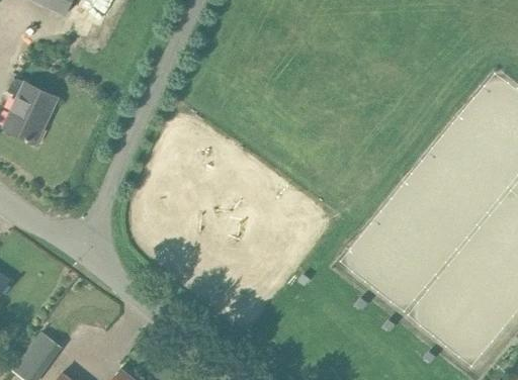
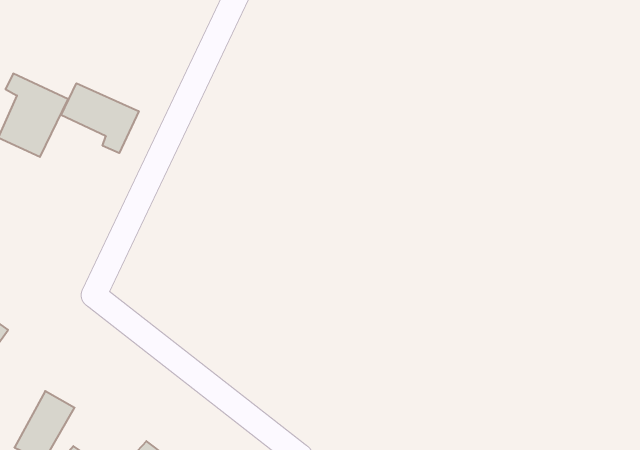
building: none -> [61,83,139,153]

